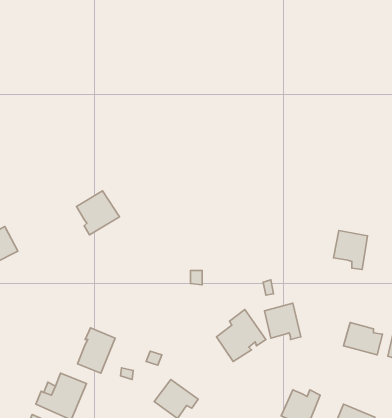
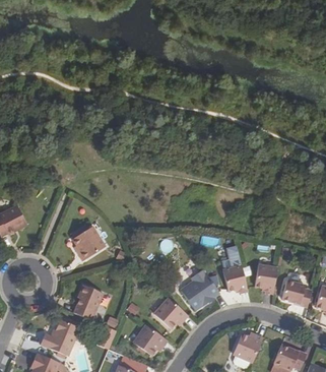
building: [77,191,119,235] -> [72,226,106,260]
building: [334,230,367,269] -> [251,263,277,294]
building: none -> [151,294,186,325]

